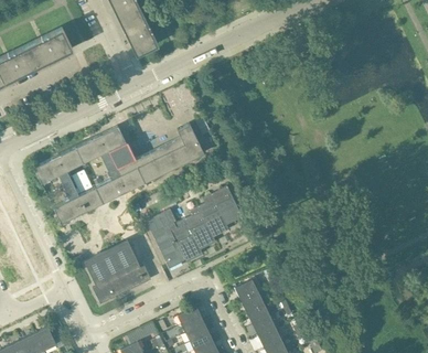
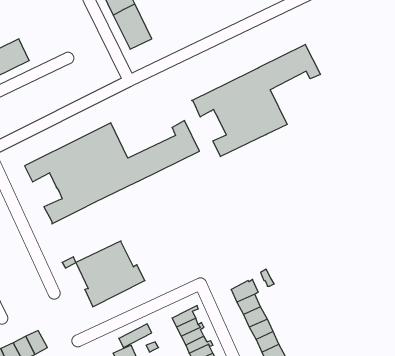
building: [29,28,73,65] -> none
building: none -> [192,44,320,157]
building: [146,186,243,269] -> none

